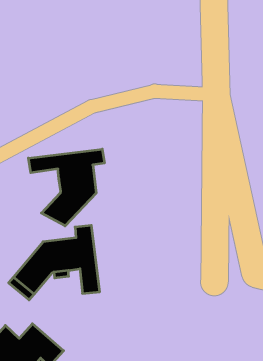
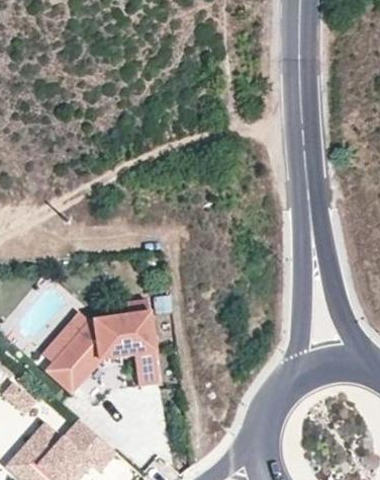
building: [28,149,104,226] -> none

